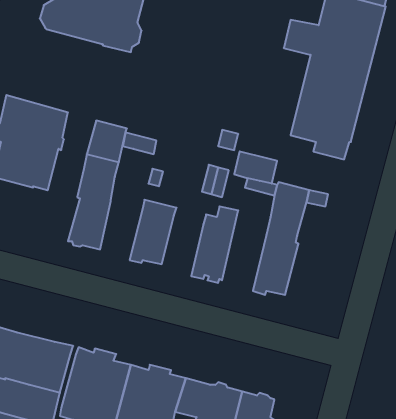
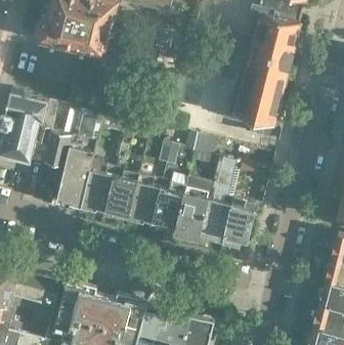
building: none -> [42,102,79,167]
building: none -> [82,163,116,215]
building: none -> [129,175,163,227]
building: none -> [175,176,212,239]
building: none -> [223,197,258,246]

